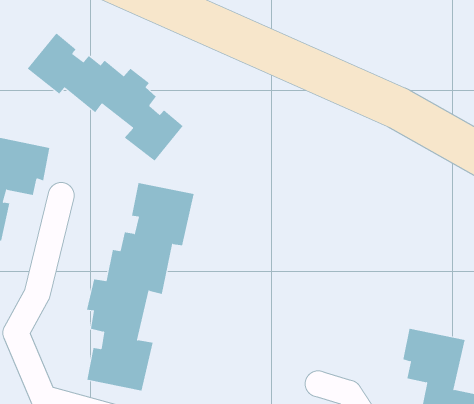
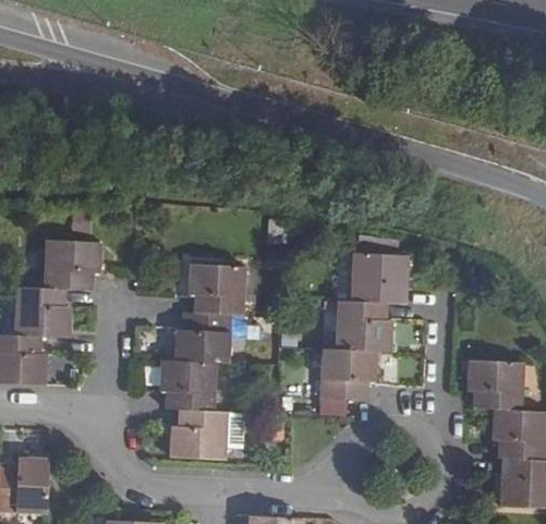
building: [27,32,184,161] -> none
building: none -> [320,253,407,400]

